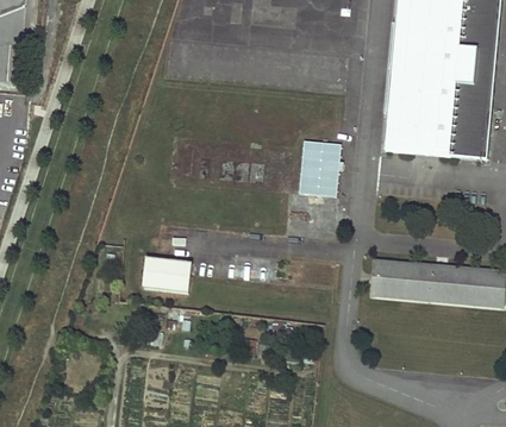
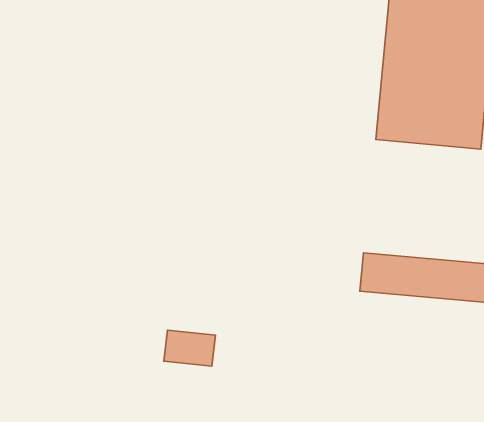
building: [299,139,341,194] -> none
building: [140,257,190,291] -> [164,330,216,366]

